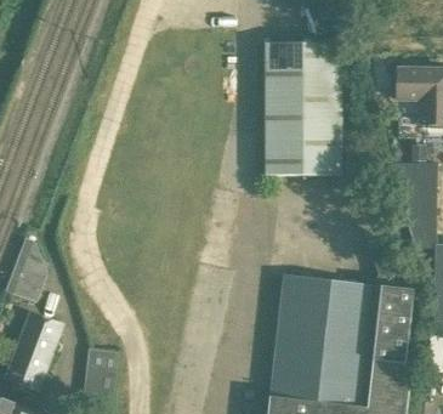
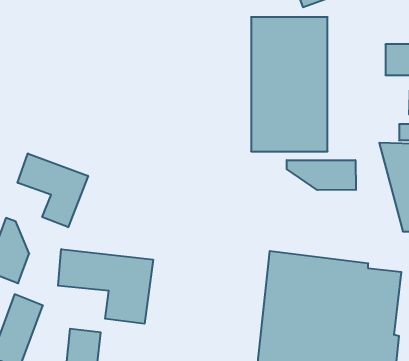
building: none -> [18,153,88,227]
building: none -> [287,160,356,190]
building: none -> [58,249,153,324]

